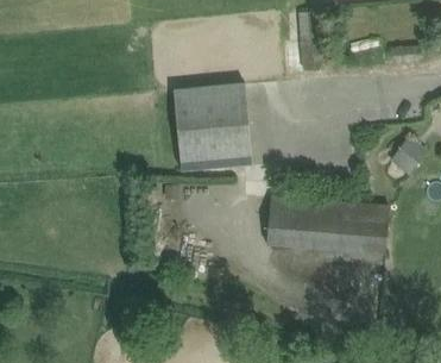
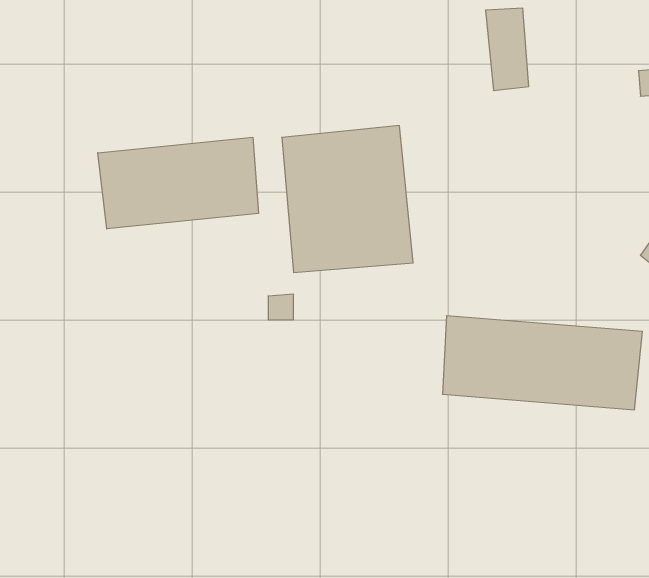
building: none -> [98,137,258,229]

